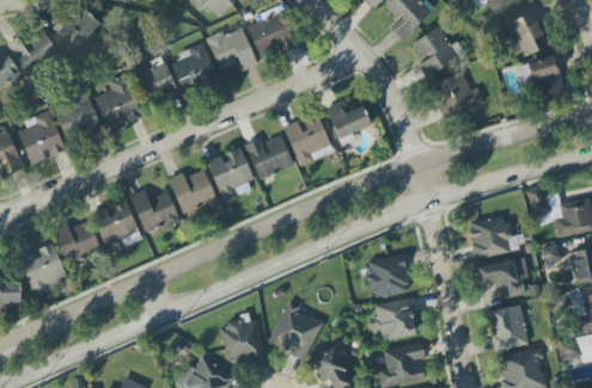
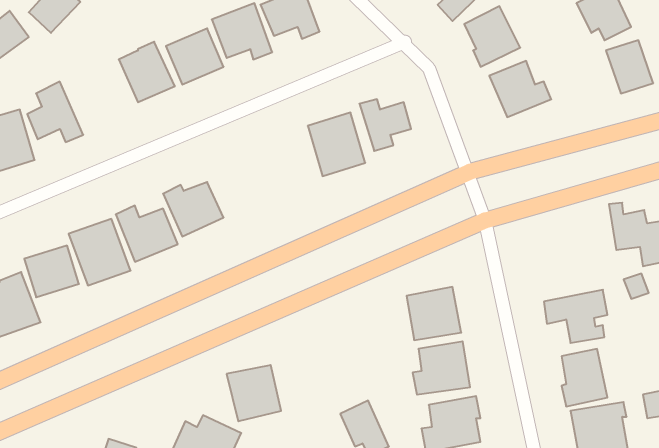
building: [96,74,142,131] -> none
building: [245,135,294,180] -> none
building: [207,148,256,201] -> none
building: [469,215,512,258] -> none
building: [269,304,324,359] -> none

